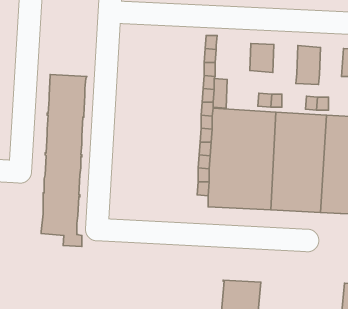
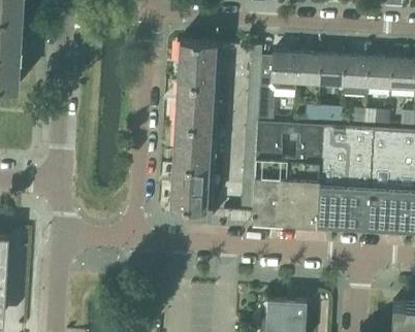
building: none -> [272,53,297,90]
building: none -> [320,55,346,85]
building: none -> [369,58,393,88]
building: [41,74,87,246] -> [170,41,218,220]

